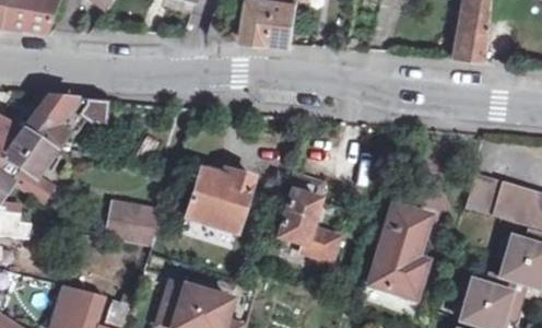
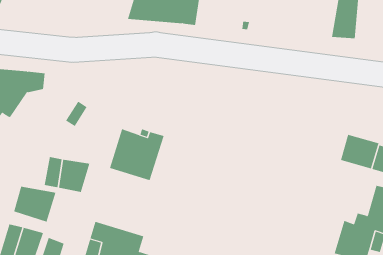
building: [279,173,338,260] -> none
building: [368,206,428,297] -> none
building: none -> [14,186,56,222]

